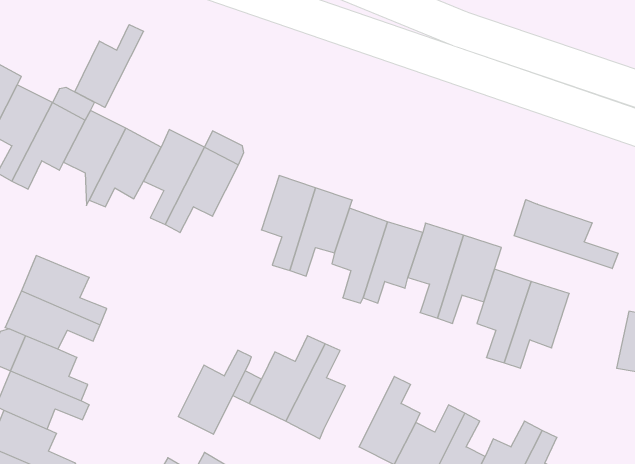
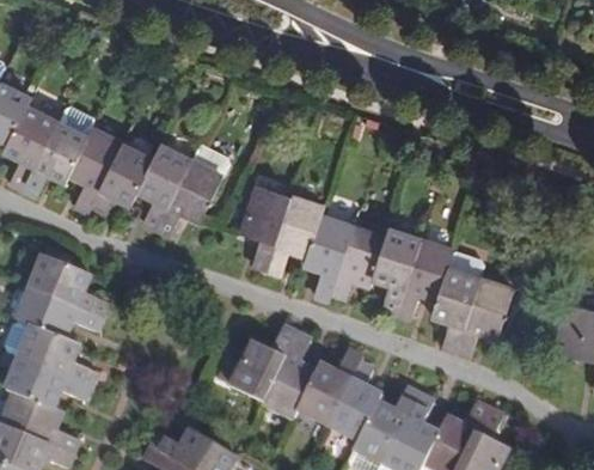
building: [75,25,144,107] -> none
building: [514,200,618,269] -> none
building: [178,350,251,434] -> [298,350,362,425]

